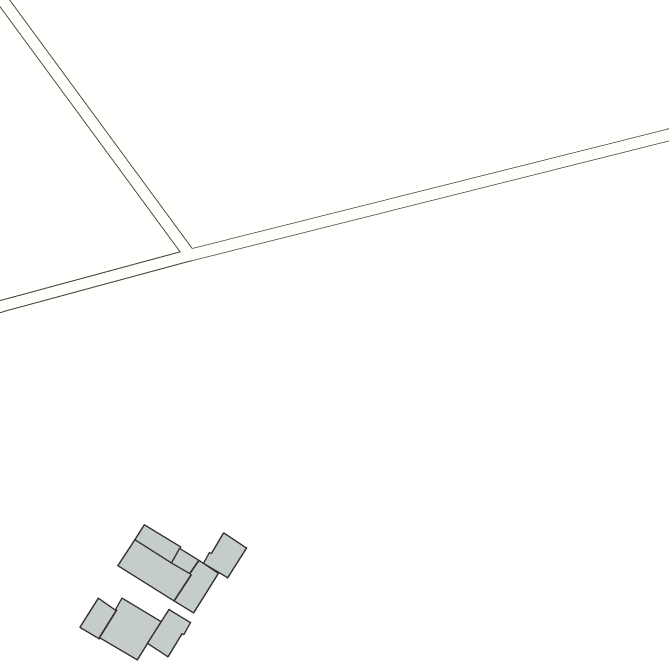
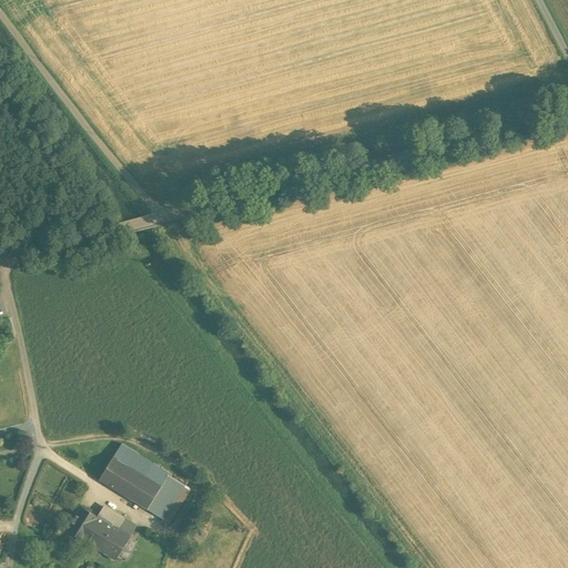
building: [204,533,247,578] -> none
building: [148,609,191,657] -> none

